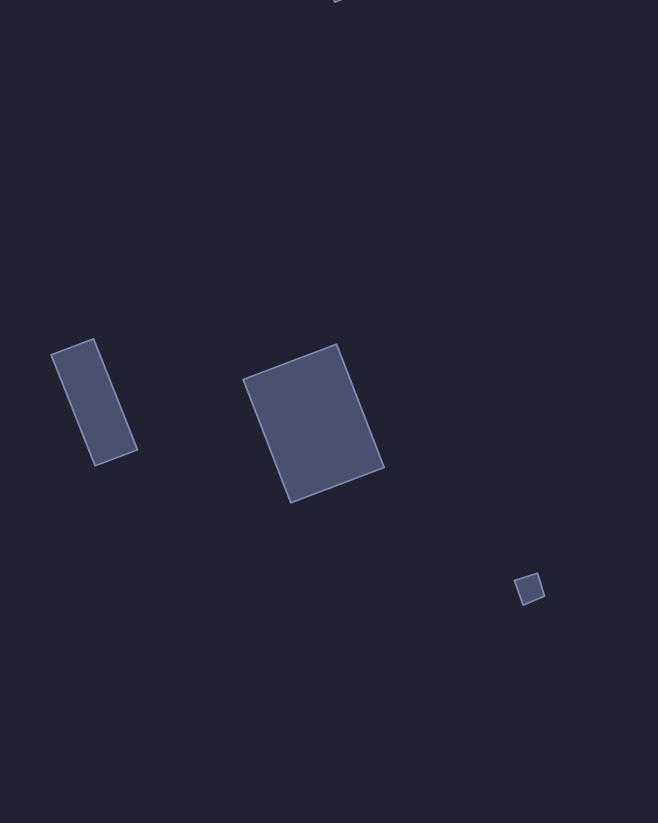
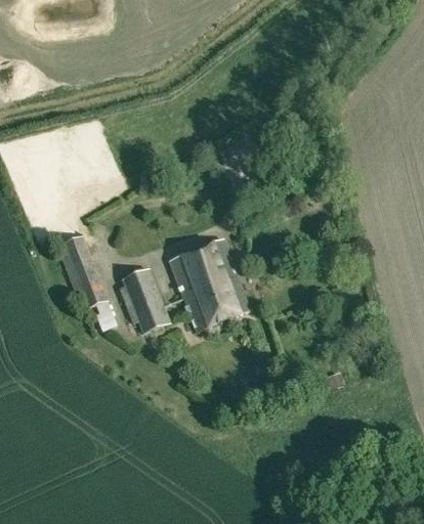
building: none -> [119,265,169,330]

